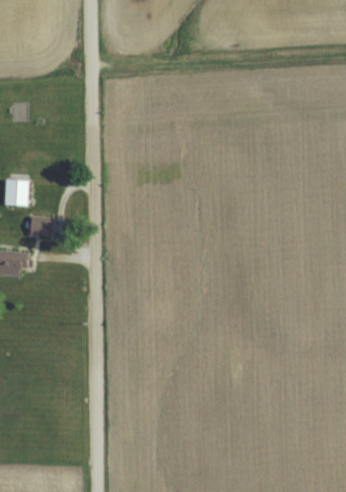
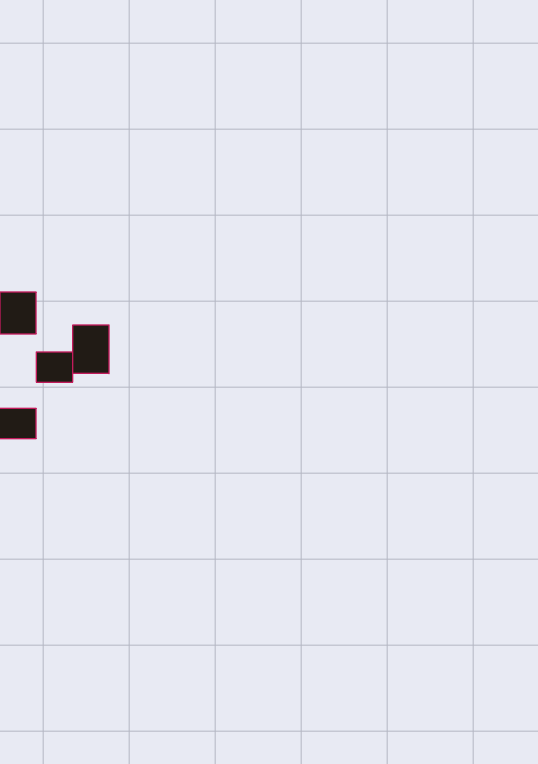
building: none -> [73,325,109,374]

